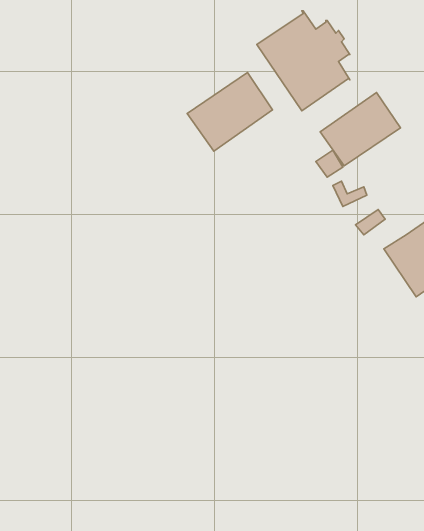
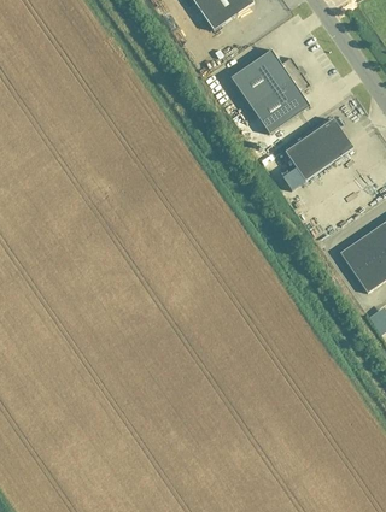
building: [187,72,273,151] -> none

